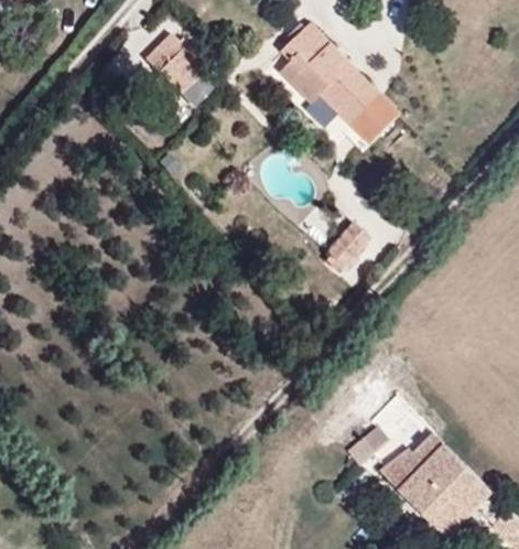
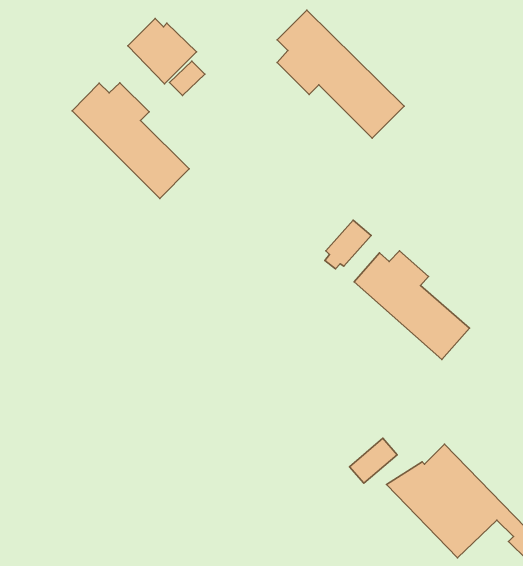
building: none -> [72,83,189,198]
building: none -> [354,251,469,360]

